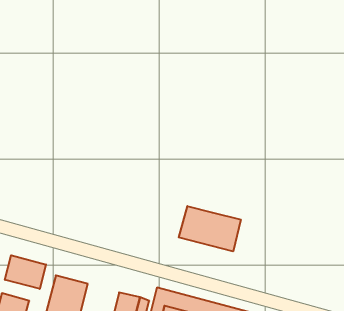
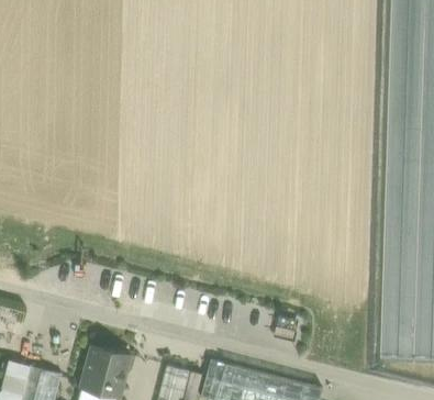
building: [179,206,241,251] -> none
building: [5,255,46,289] -> none

